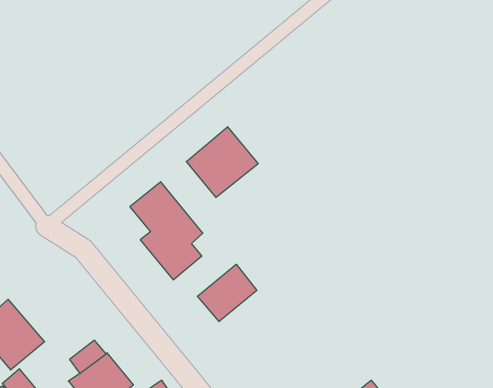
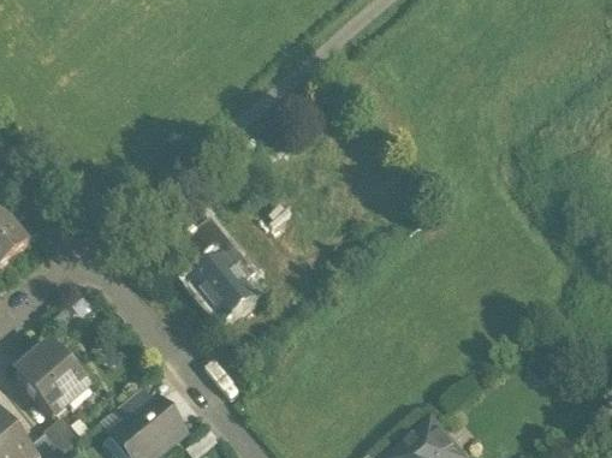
building: [186,127,258,197] -> none
building: [197,264,257,322] -> none

